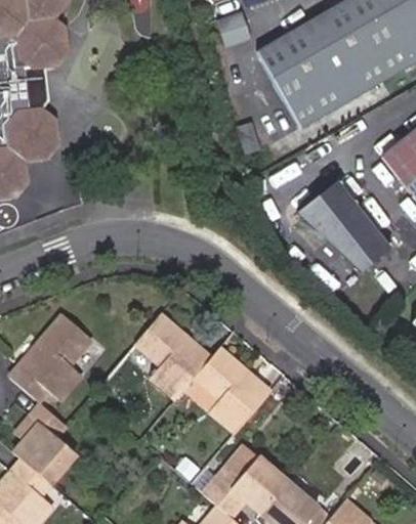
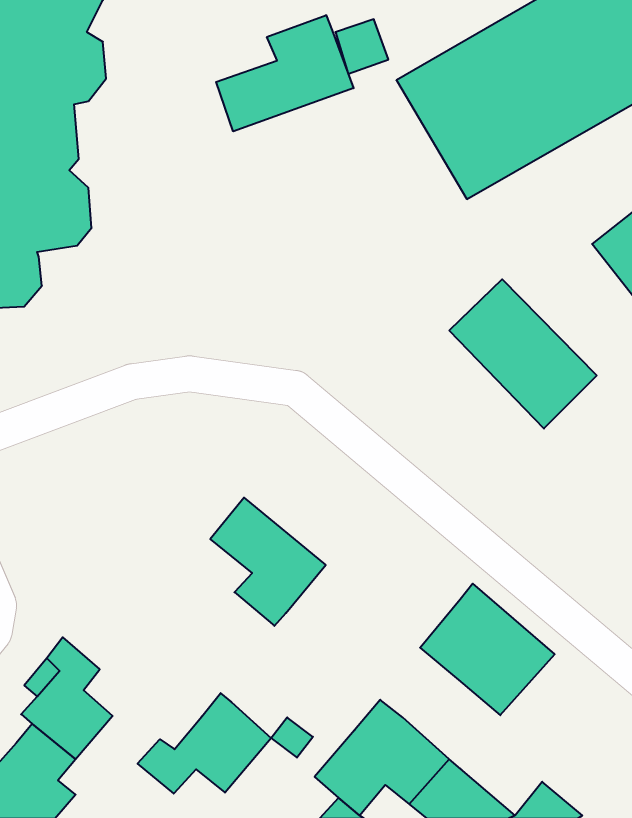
building: none -> [216,15,354,131]
building: [10,316,93,403] -> none
building: [185,350,272,434] -> [420,584,555,715]
building: none -> [138,693,271,794]

